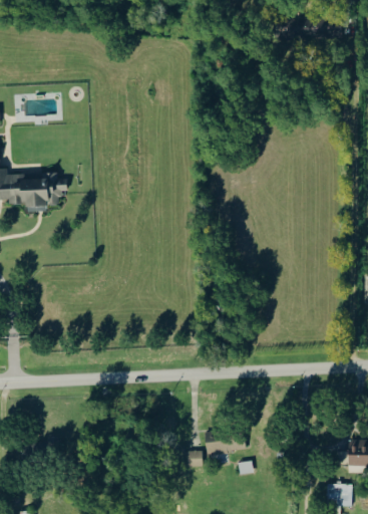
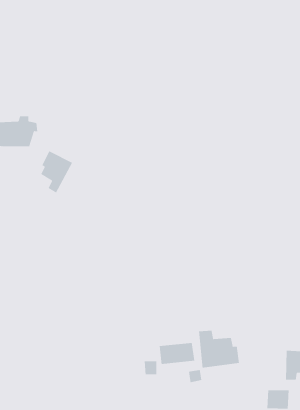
building: none -> [41,151,73,194]
building: none -> [198,330,240,368]

